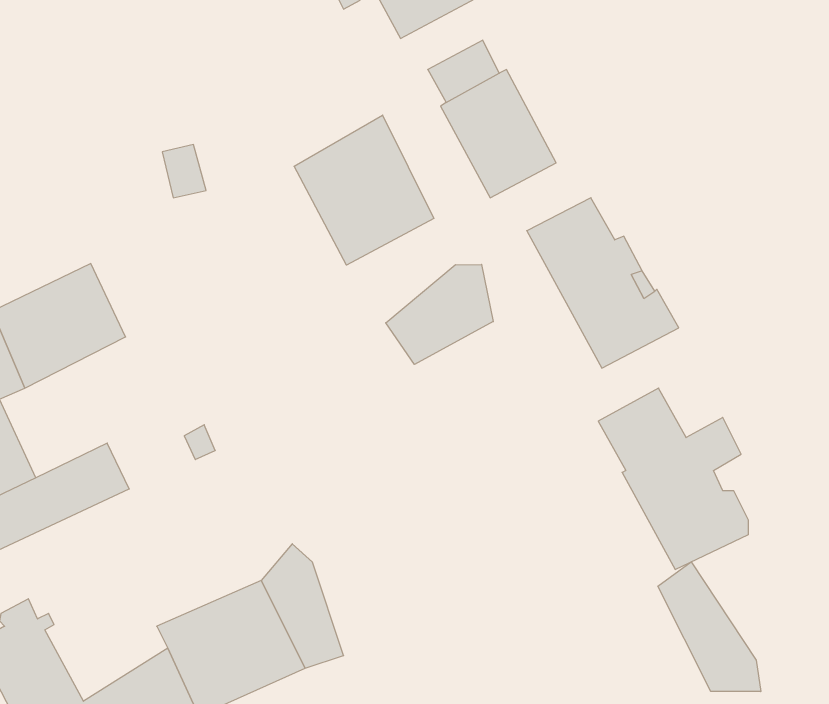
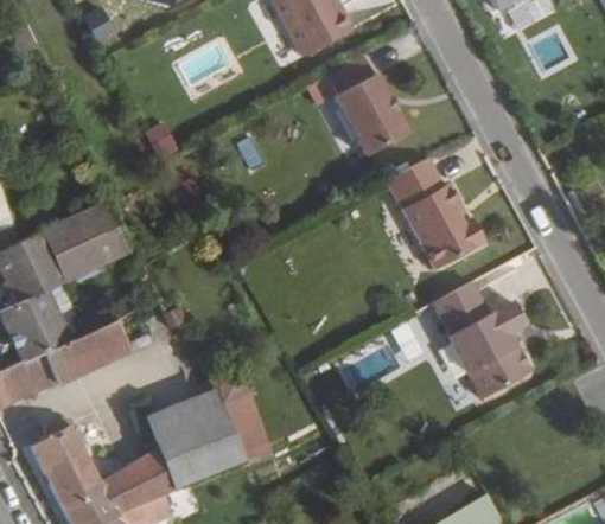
building: [294,115,434,265] -> none
building: [386,264,493,364] -> none
building: [658,562,761,692] -> none

